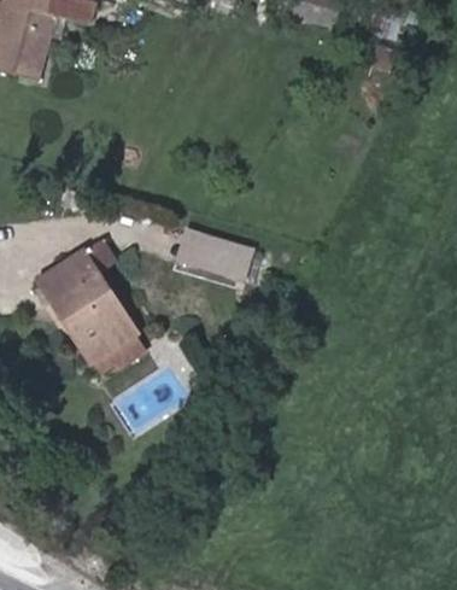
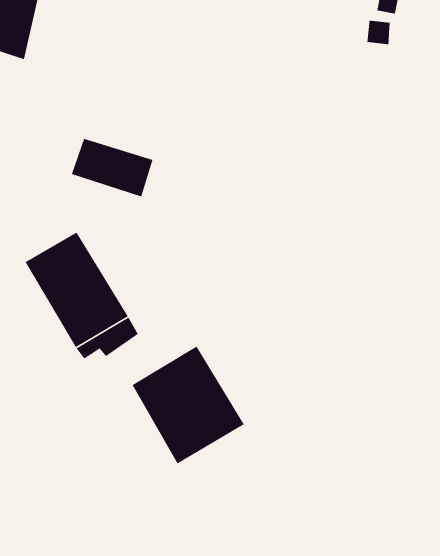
building: [172,228,251,285] -> [71,138,153,197]
building: none -> [131,345,245,465]

